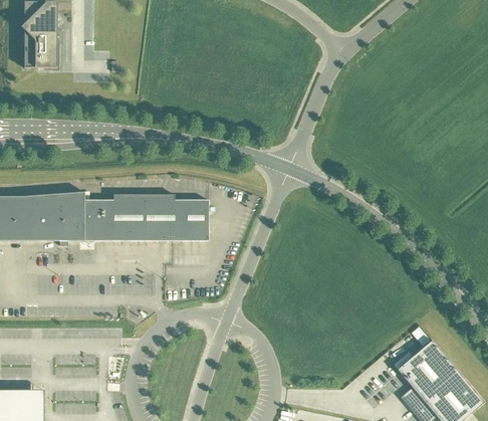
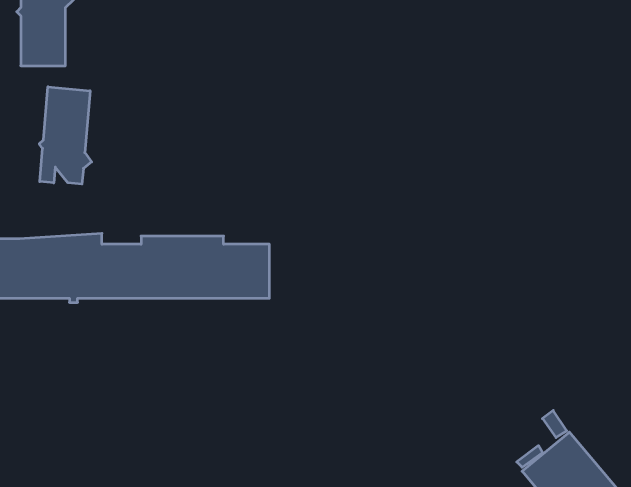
building: none -> [39,87,92,184]

